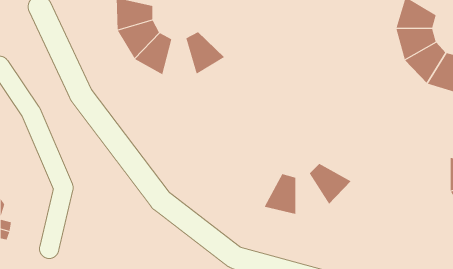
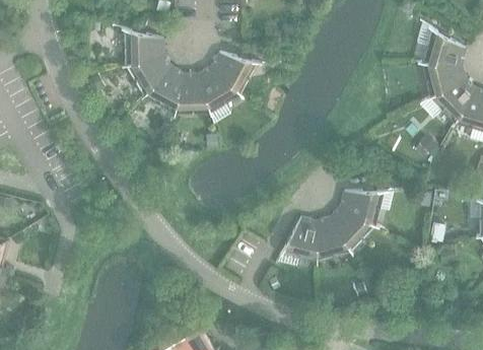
building: none -> [211,53,257,93]
building: none -> [174,73,209,113]
building: none -> [340,191,383,225]
building: none -> [316,217,350,261]

